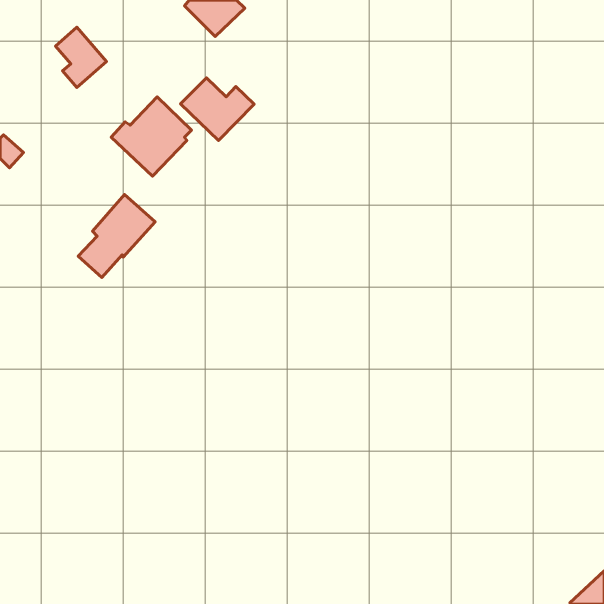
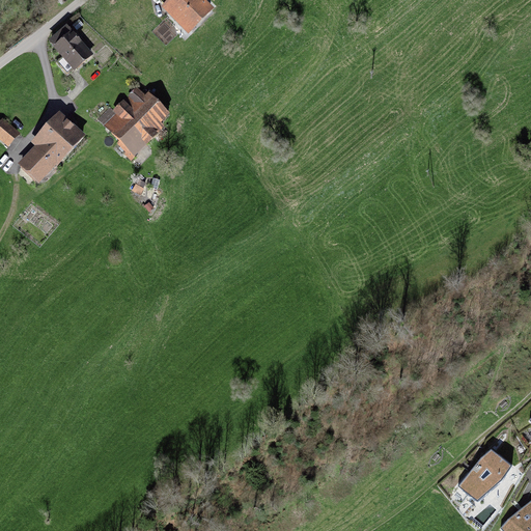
building: [180,78,254,140] -> none
building: [78,195,155,277] -> [19,109,86,181]
building: none -> [458,448,511,504]

